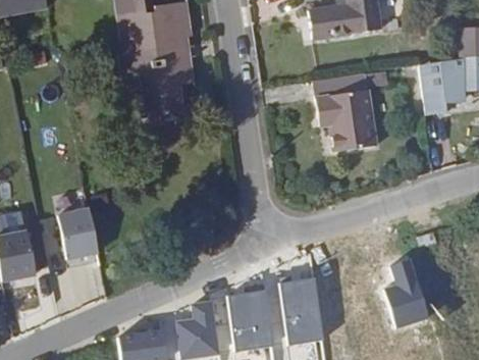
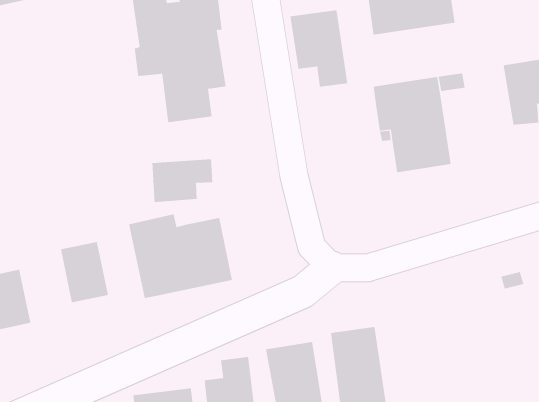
building: none -> [290,9,348,88]
building: none -> [152,158,213,203]
building: none -> [129,214,233,299]
building: [384,261,429,328] -> none

